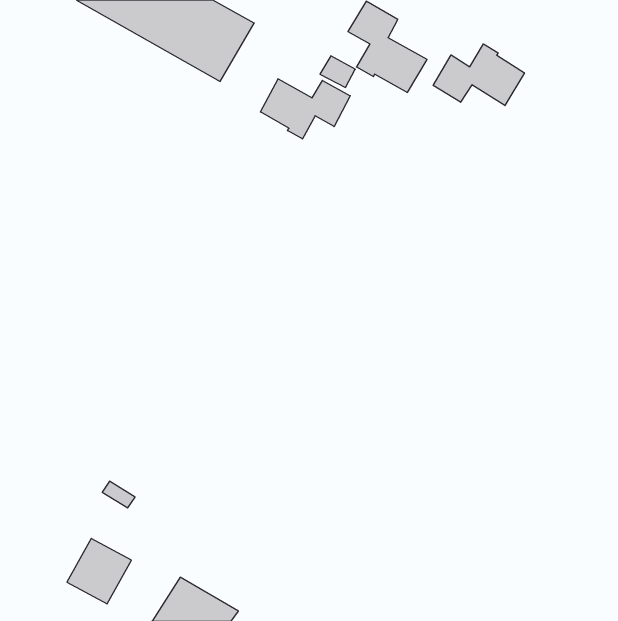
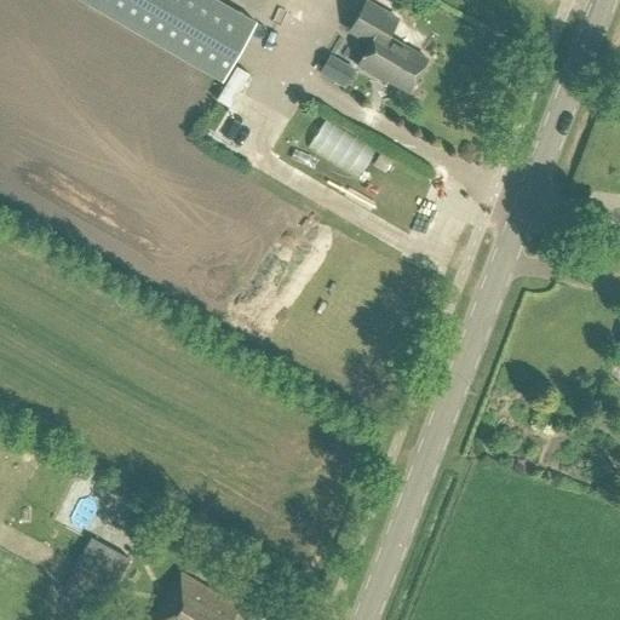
building: [433,44,524,106] -> none
building: [260,79,350,139] -> none

